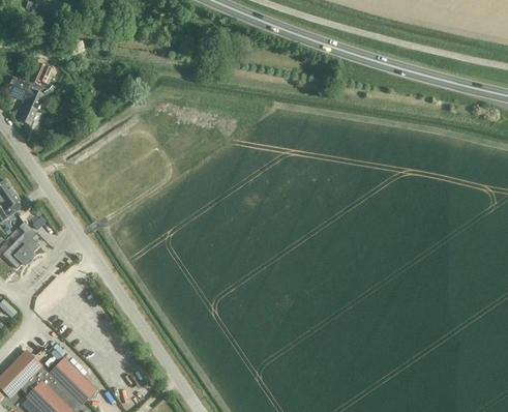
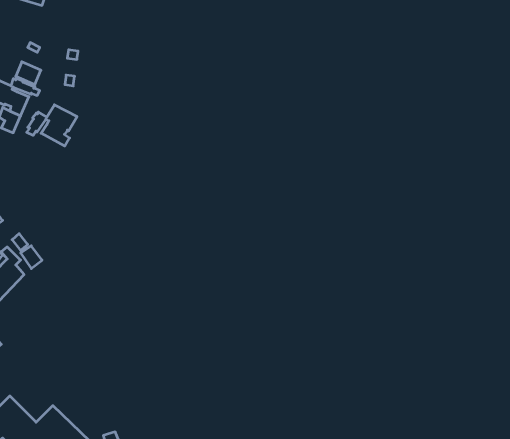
building: none -> [27,105,77,146]

